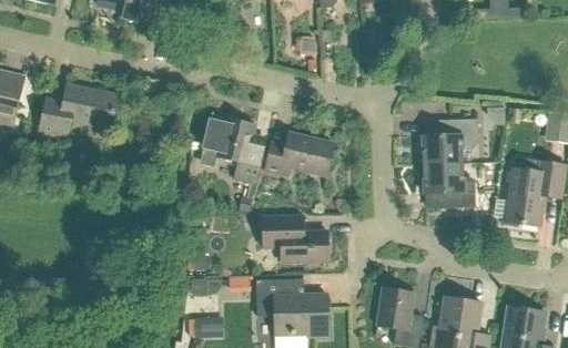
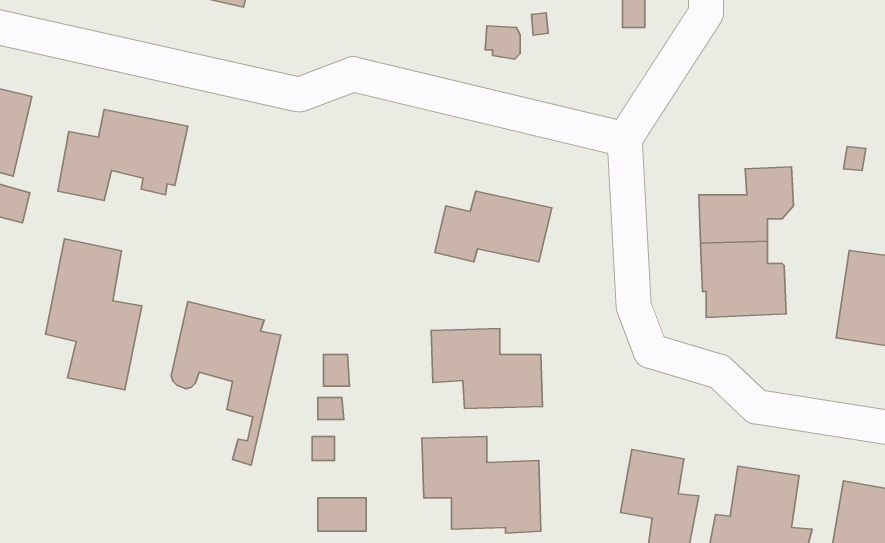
building: [201,113,266,211] -> [171,302,281,465]
building: none -> [46,239,142,390]

